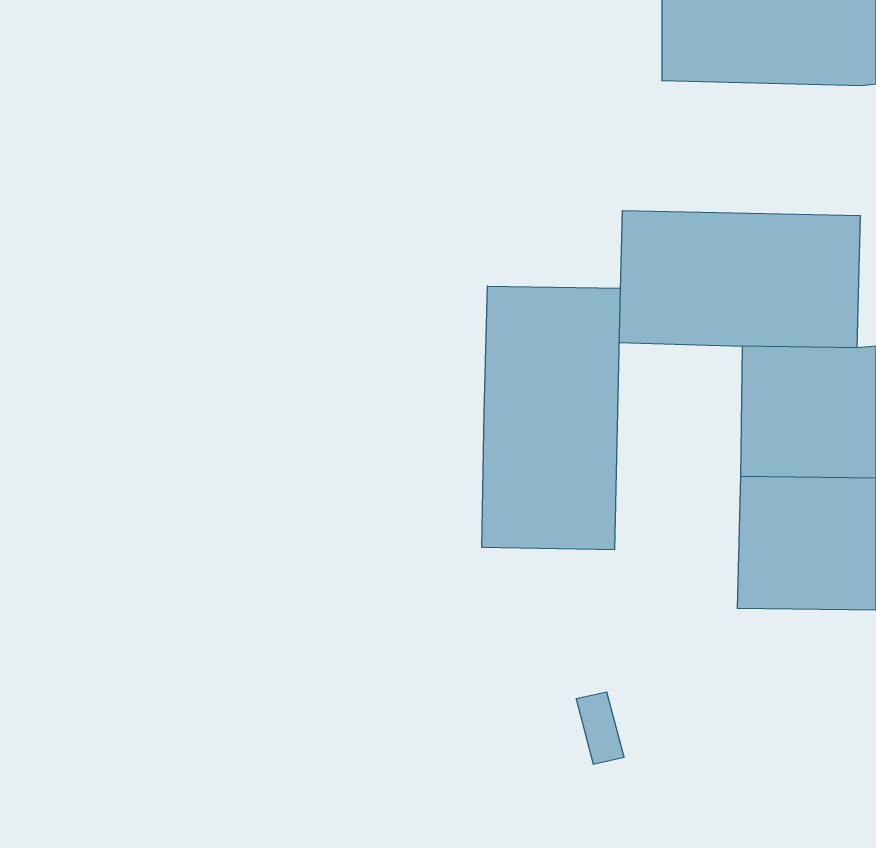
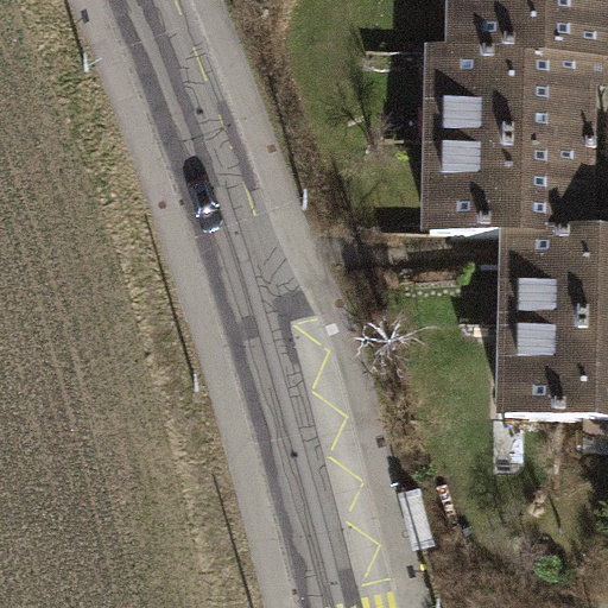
building: none -> [431,56,597,150]
building: [482,286,620,550] -> none

